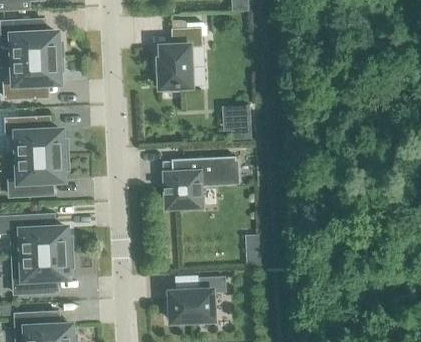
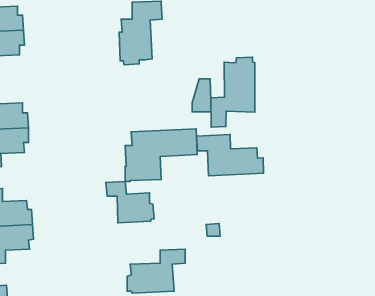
building: none -> [211,57,255,127]
building: none -> [196,134,263,176]
building: none -> [106,182,154,223]

